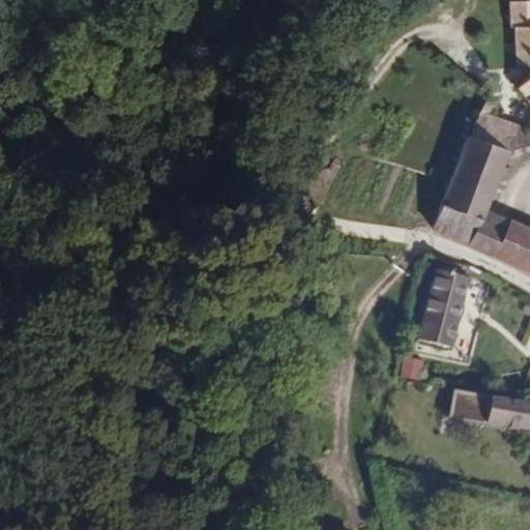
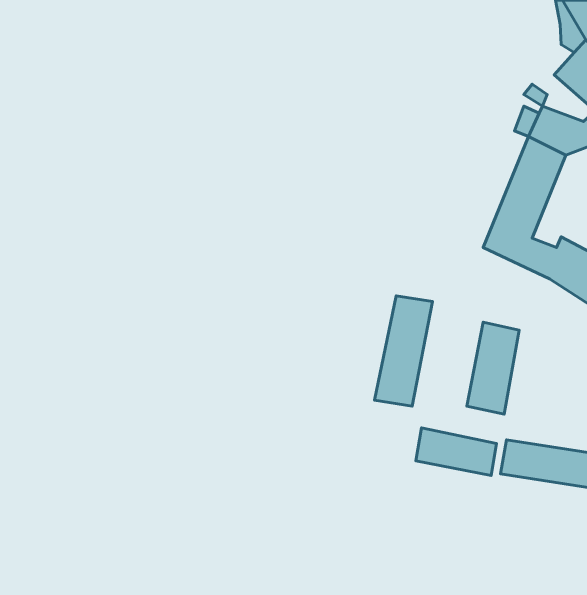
building: none -> [375,296,432,406]
building: none -> [416,428,496,475]

